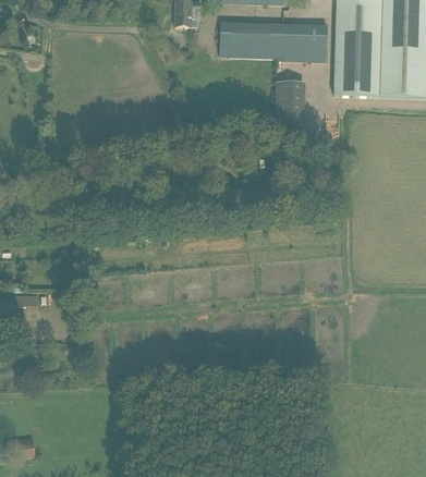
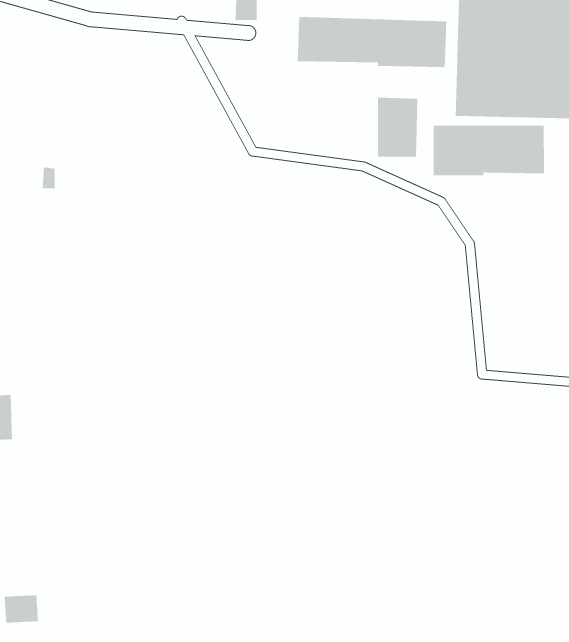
building: none -> [433,125,545,176]

